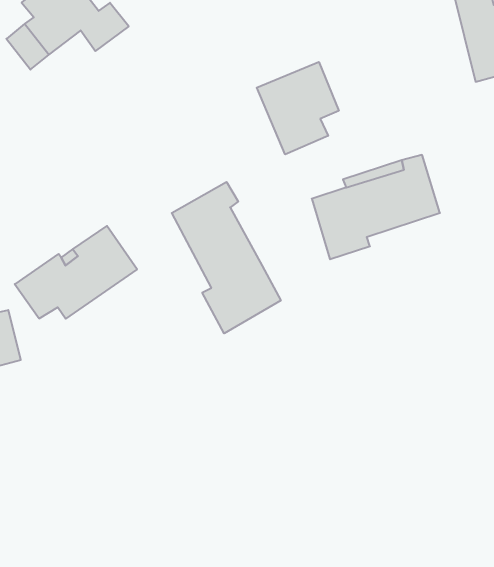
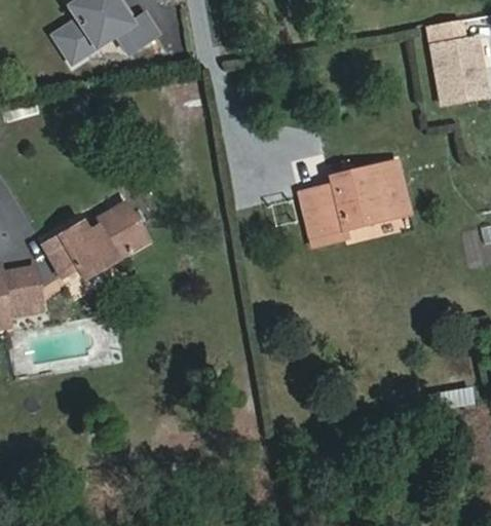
building: [257,62,339,154] -> none
building: [172,182,281,333] -> none

